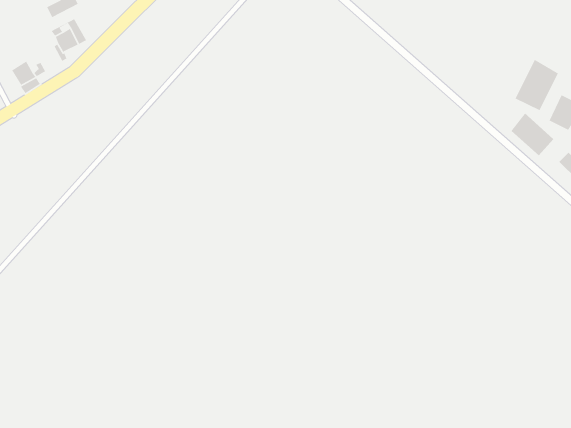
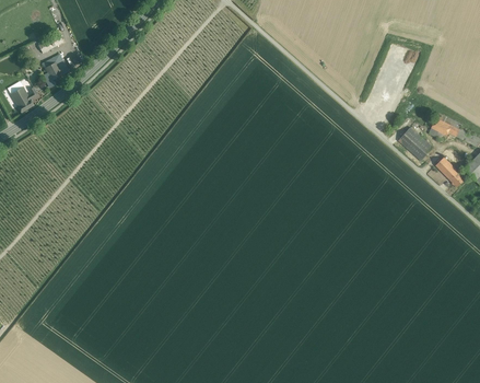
building: [515,59,559,111] -> none

